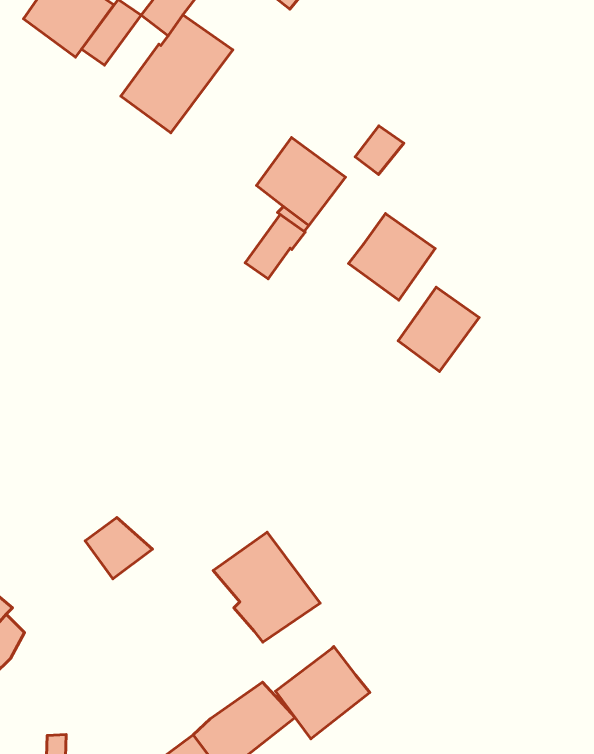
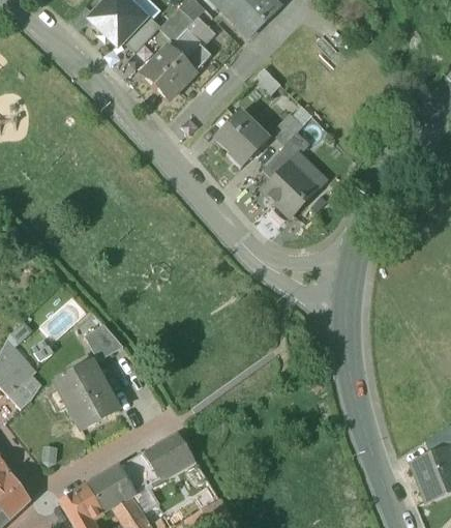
building: [245,215,305,279] -> [262,143,300,180]
building: [398,287,479,371] -> none
building: [213,532,320,642] -> [58,360,119,426]
building: [275,647,370,739] -> none

